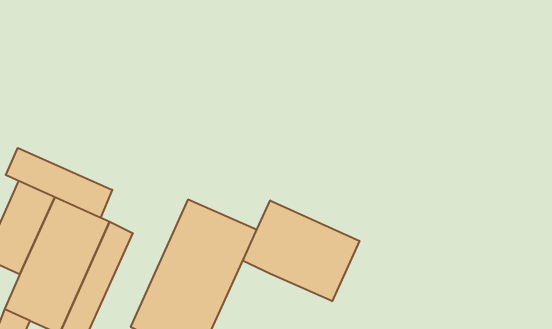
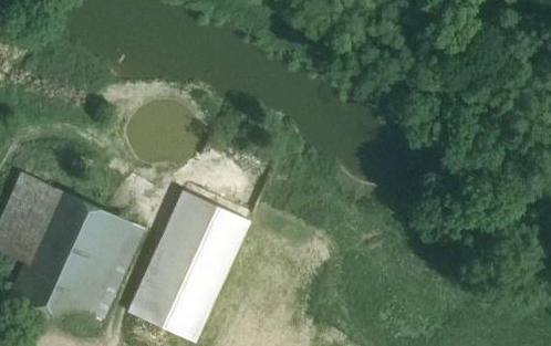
building: [6,148,112,218] -> none
building: [243,200,360,301] -> none

